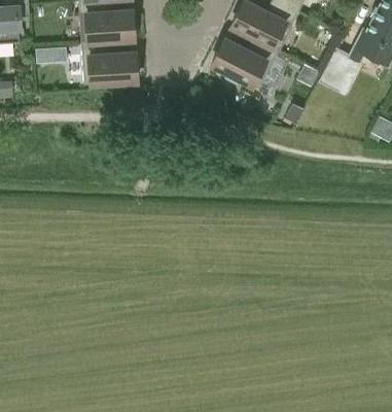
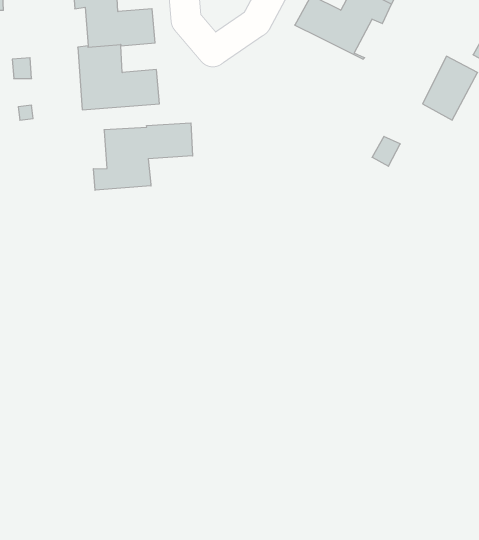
building: [211,33,278,88] -> none
building: none -> [93,123,193,190]

